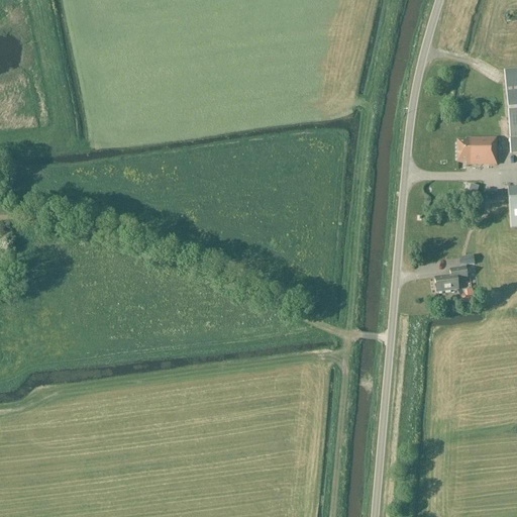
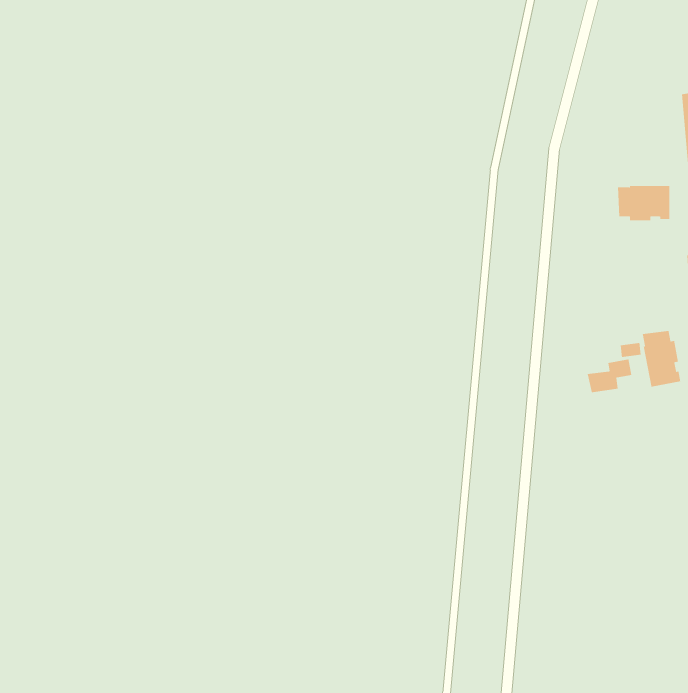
building: none -> [642,330,681,387]

